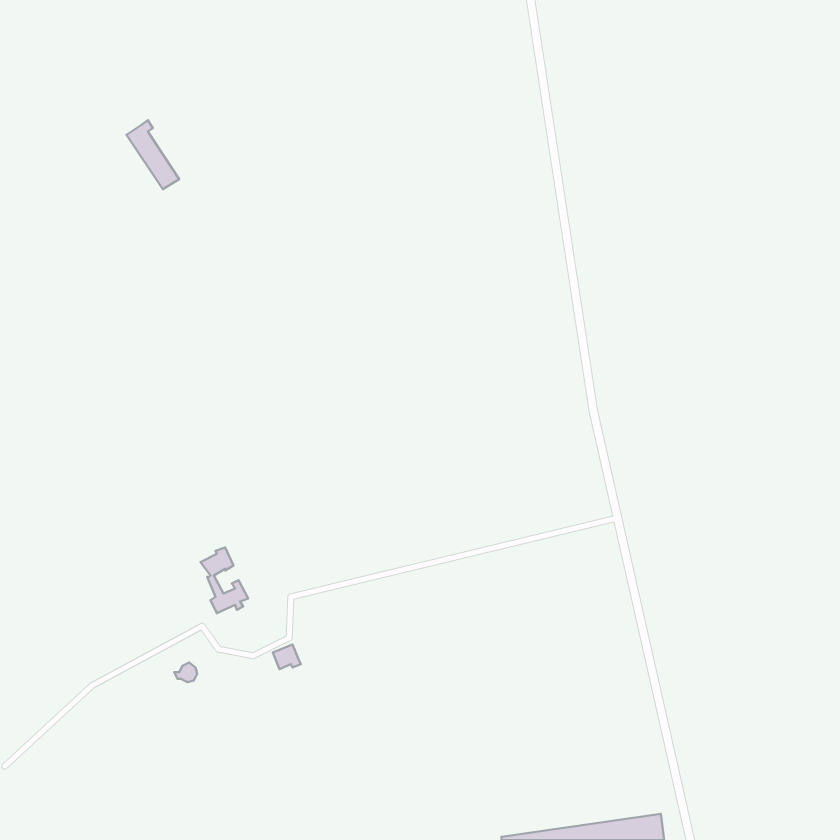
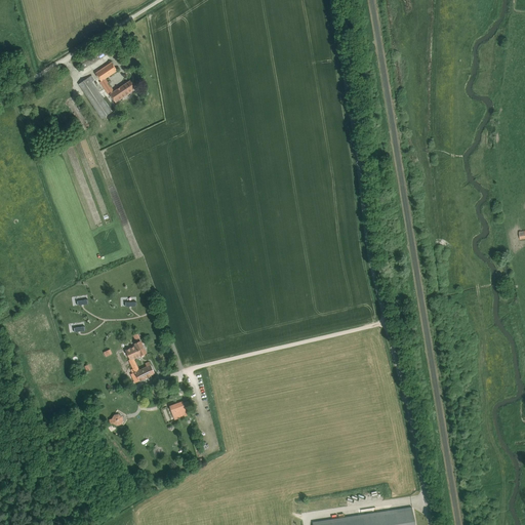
building: none -> [95,63,135,103]

